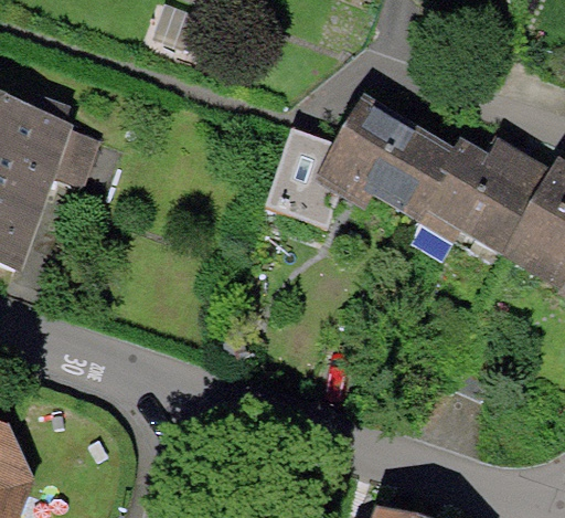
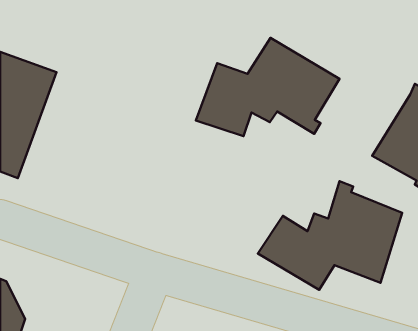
building: [423,137,552,253] -> none
building: none -> [258,181,402,290]

